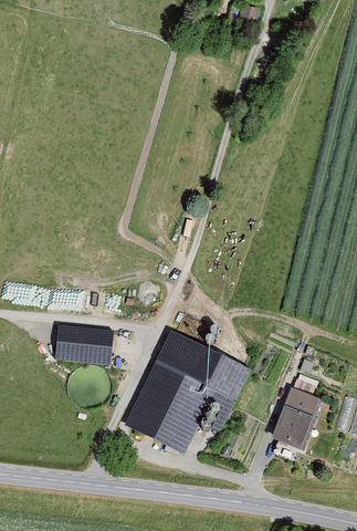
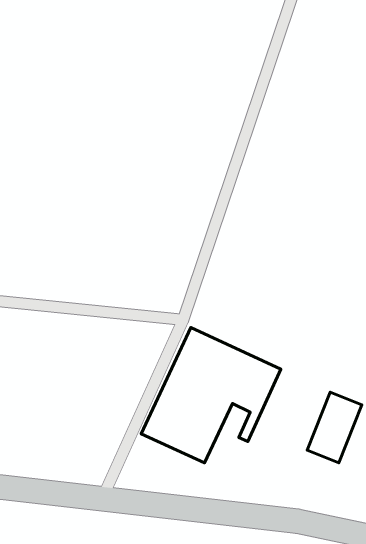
building: [55,324,113,364] -> none

